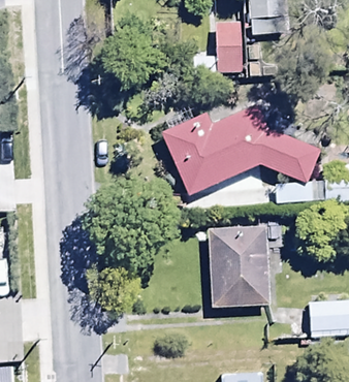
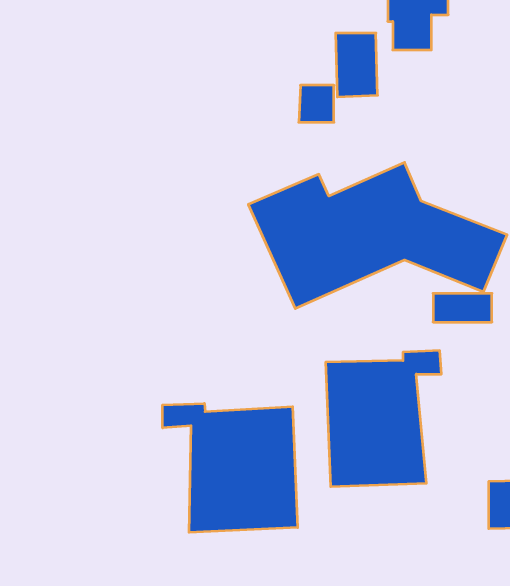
building: none -> [163,403,298,532]

